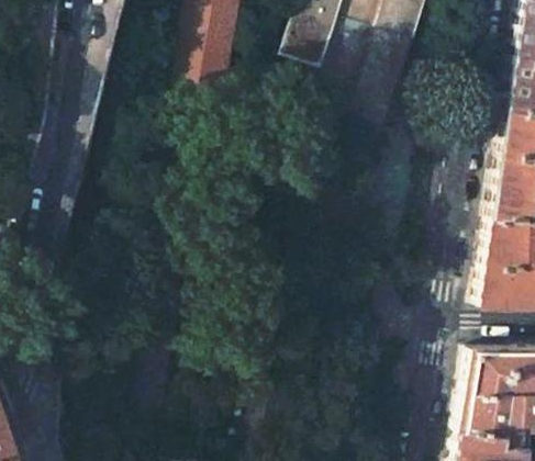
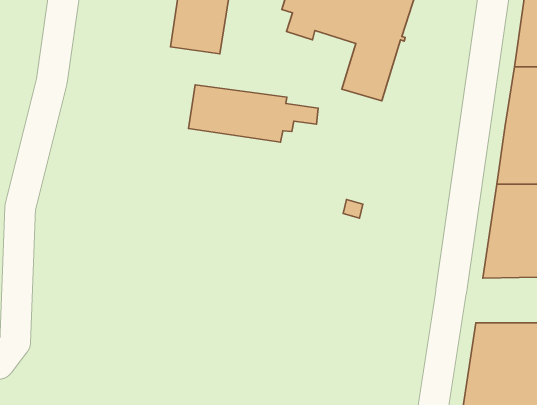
building: none -> [188,85,318,142]

